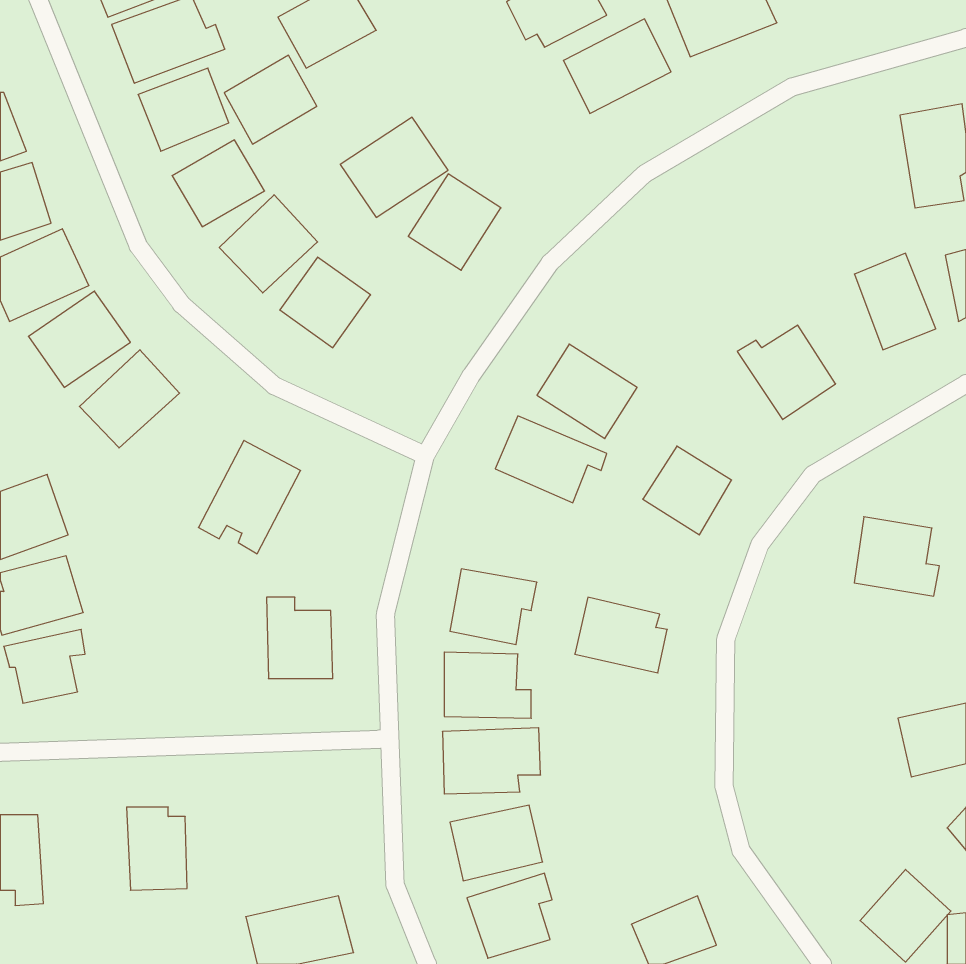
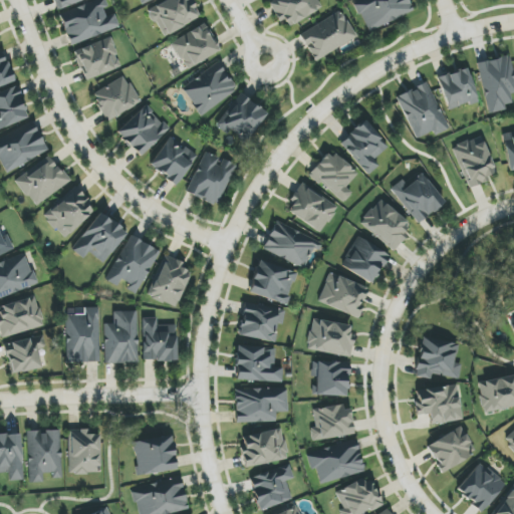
building: [224,55,317,144] -> [171,22,220,69]
building: none -> [437,67,478,110]
building: none -> [396,81,450,139]
building: none -> [339,119,389,174]
building: none -> [310,150,357,204]
building: none -> [187,151,236,206]
building: none -> [360,199,413,250]
building: none -> [71,212,126,263]
building: none -> [147,254,191,307]
building: none -> [249,260,297,303]
building: none -> [318,272,367,317]
building: [854,517,939,596] -> [416,337,461,379]
building: none -> [65,306,99,361]
building: none -> [103,310,138,363]
building: none -> [315,360,348,396]
building: none -> [414,383,462,425]
building: none -> [310,404,353,441]
building: none -> [428,427,476,471]
building: none -> [27,430,62,482]
building: none -> [132,435,176,475]
building: none -> [306,439,364,484]

